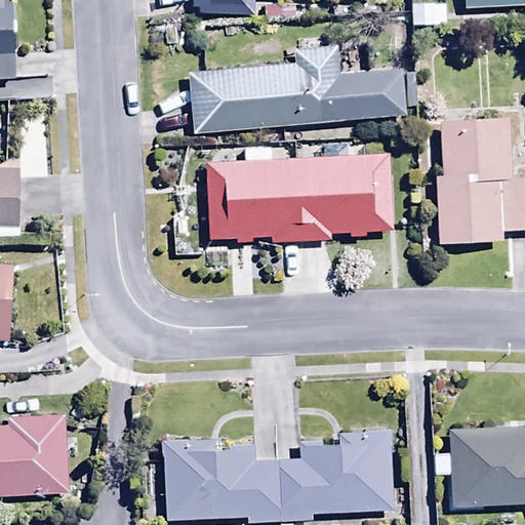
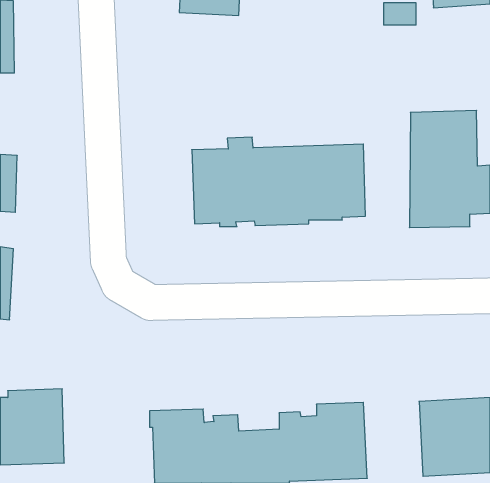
building: [188,45,405,132] -> none

